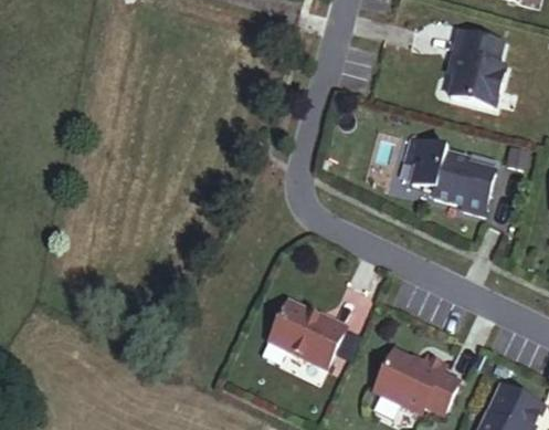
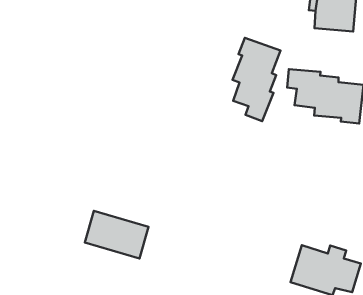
building: none -> [233,38,280,121]
building: [268,298,346,363] -> [85,211,149,258]

